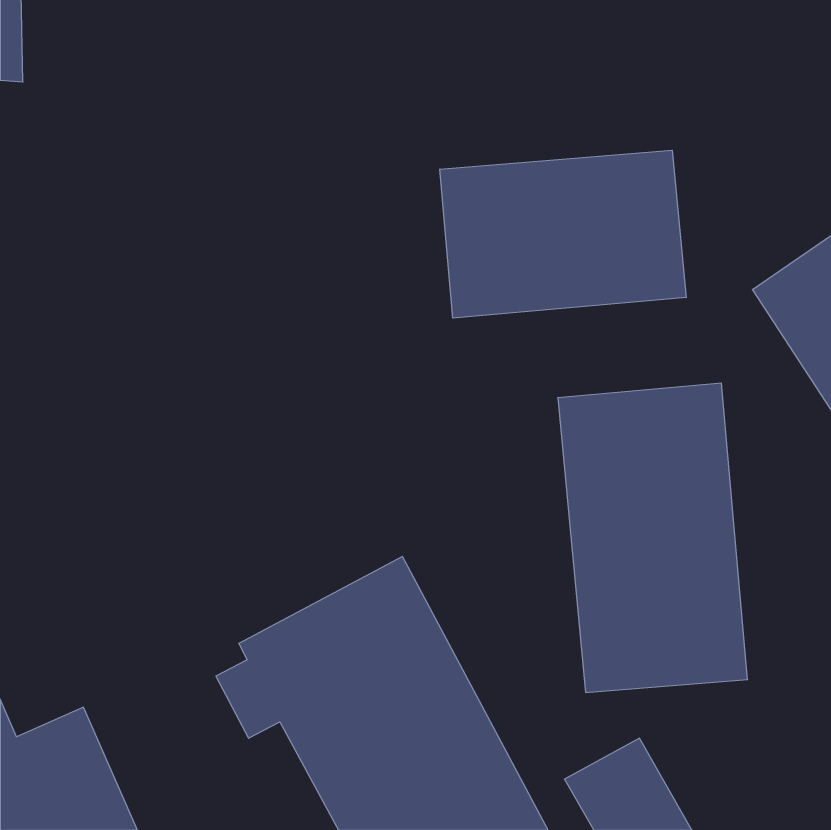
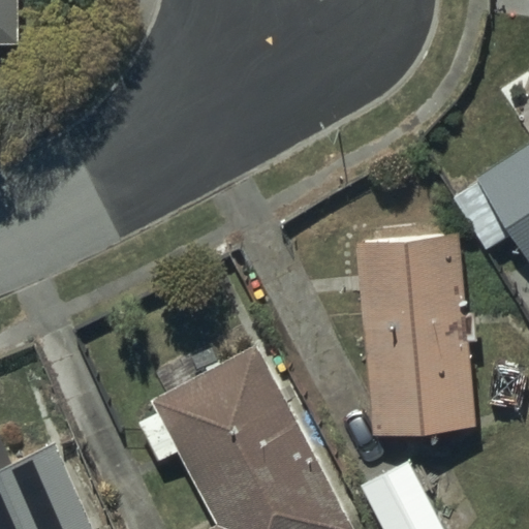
building: [440,150,686,318] -> none

